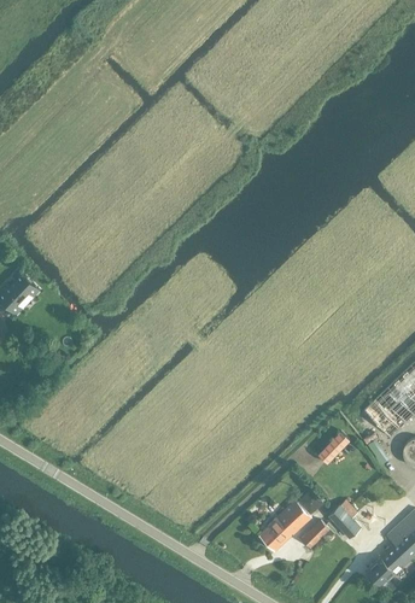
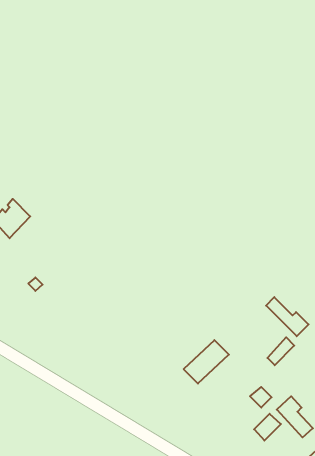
building: none -> [266,297,309,336]
building: [257,502,310,552] -> [184,340,229,384]

